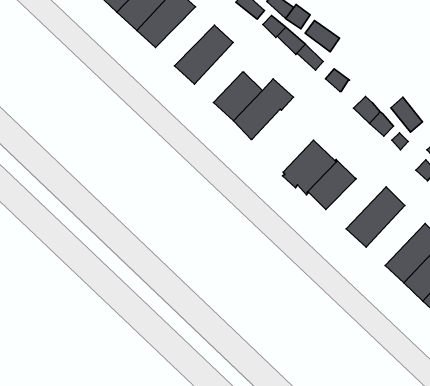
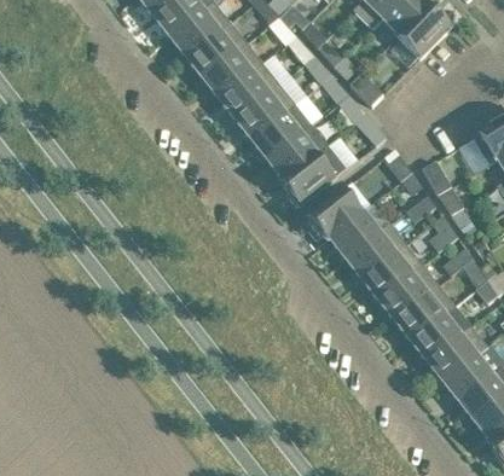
building: none -> [203,43,263,98]
building: none -> [236,83,296,139]
building: none -> [282,149,344,205]
building: none -> [346,224,407,280]
building: none -> [380,266,440,321]

